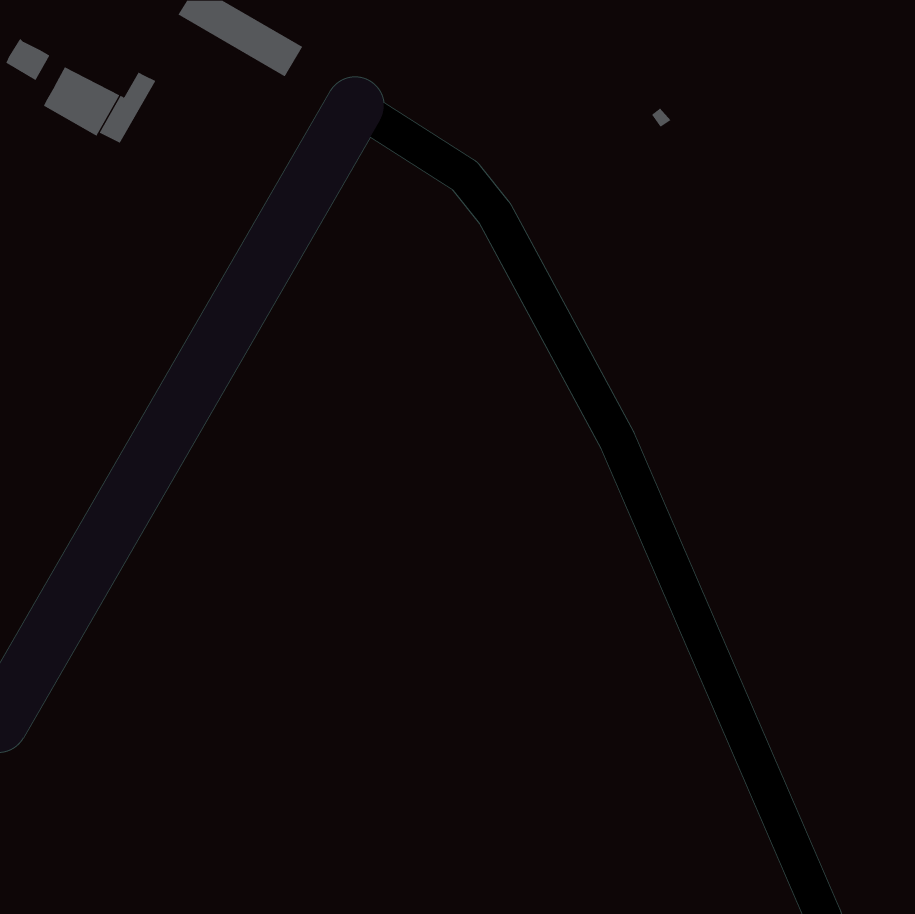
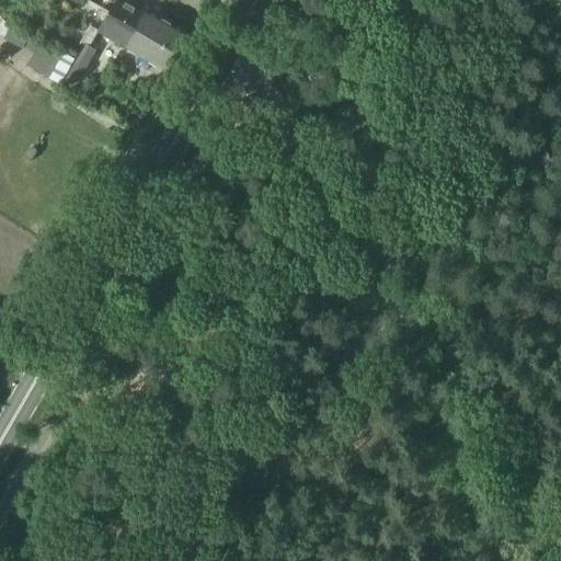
building: none -> [98,11,174,69]

